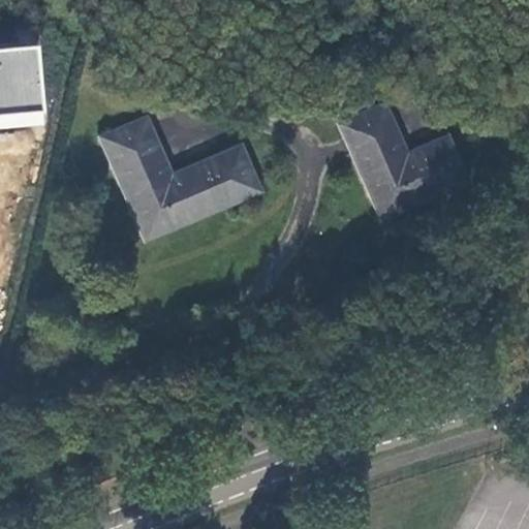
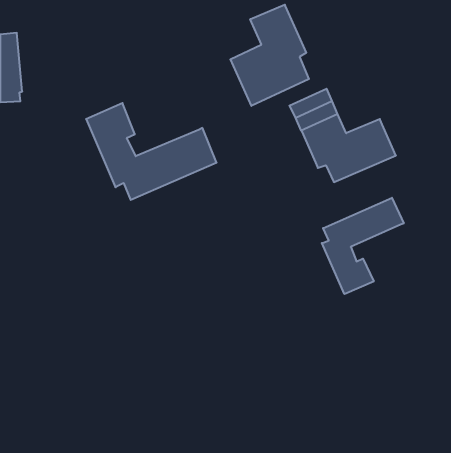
building: none -> [230,5,309,106]
building: none -> [322,198,404,294]

